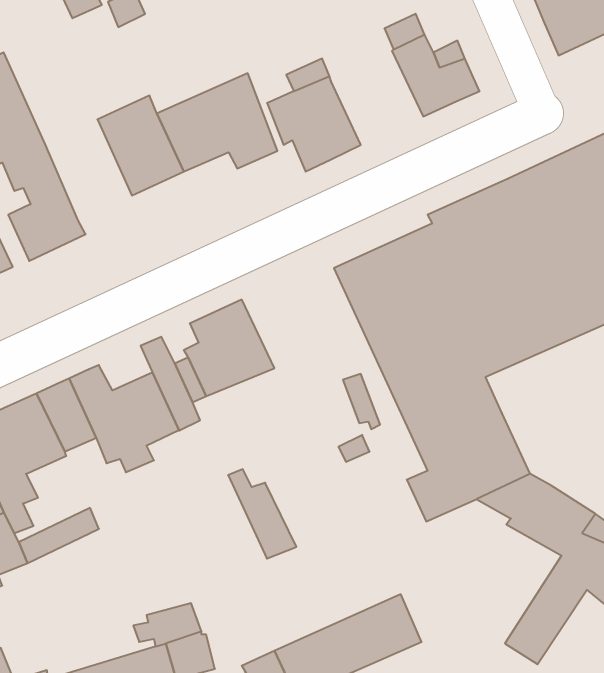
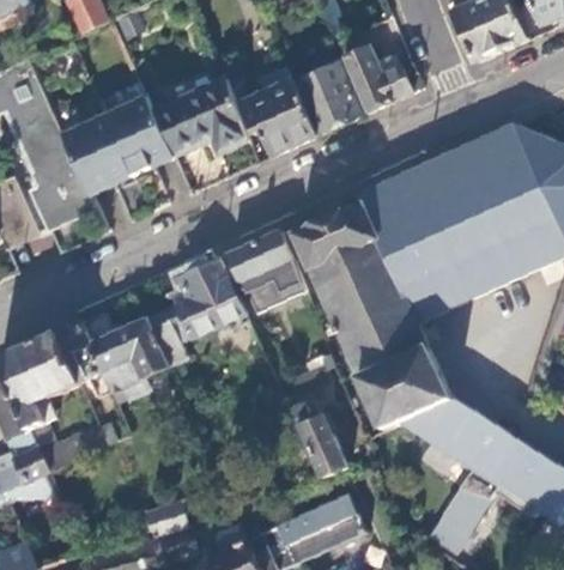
building: none -> [291,63,359,134]
building: none -> [61,114,131,195]
building: none -> [225,231,304,314]
building: [228,469,296,559] -> [291,406,346,478]

